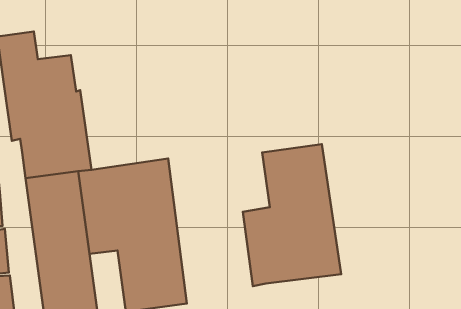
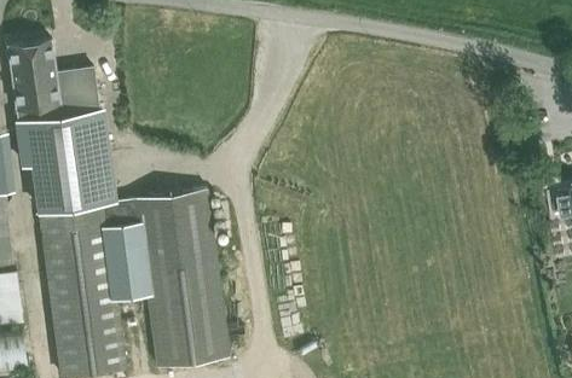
building: [243,144,341,286] -> none

